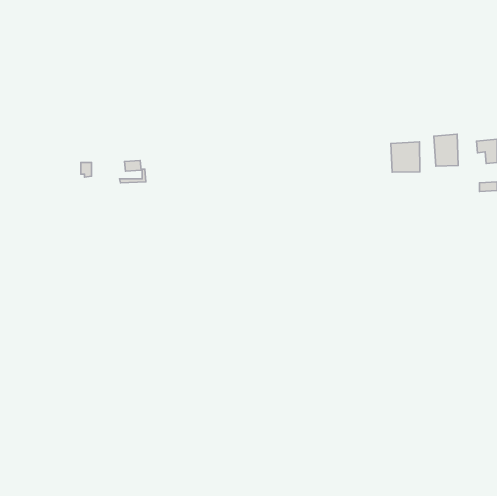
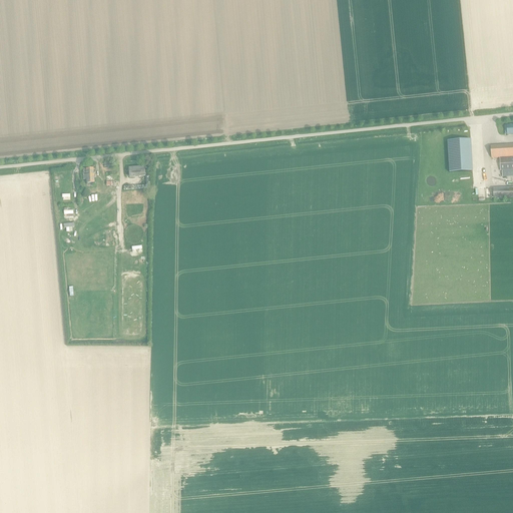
building: [391,142,420,172] -> none

